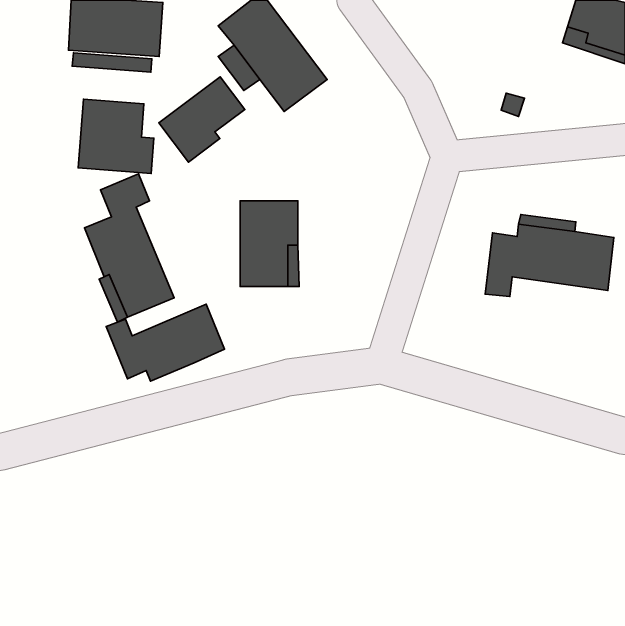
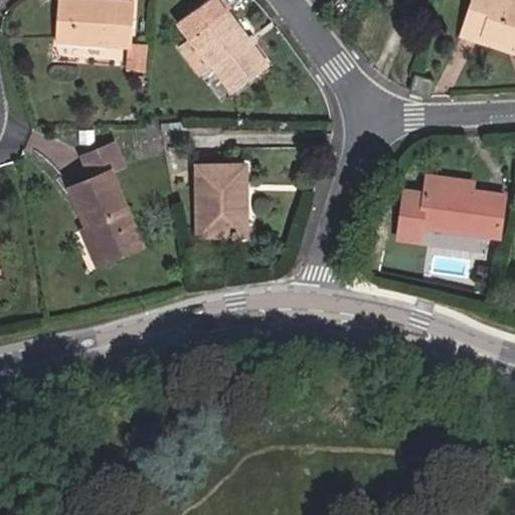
building: [159,77,245,162] -> none
building: [78,99,154,174] -> none
building: [106,304,224,381] -> none

